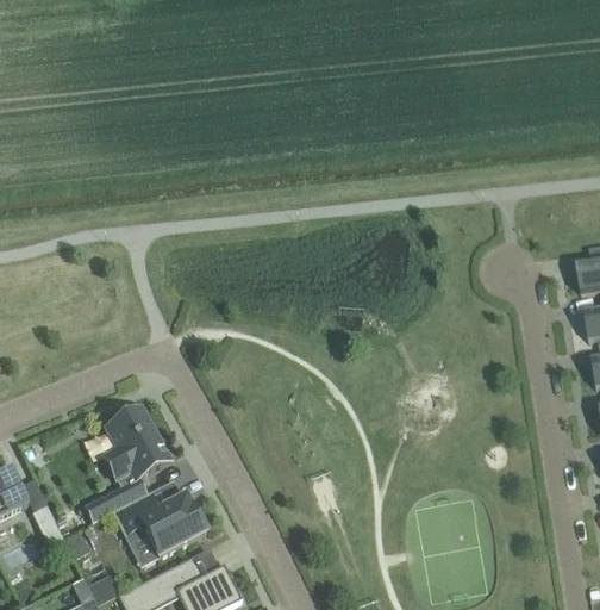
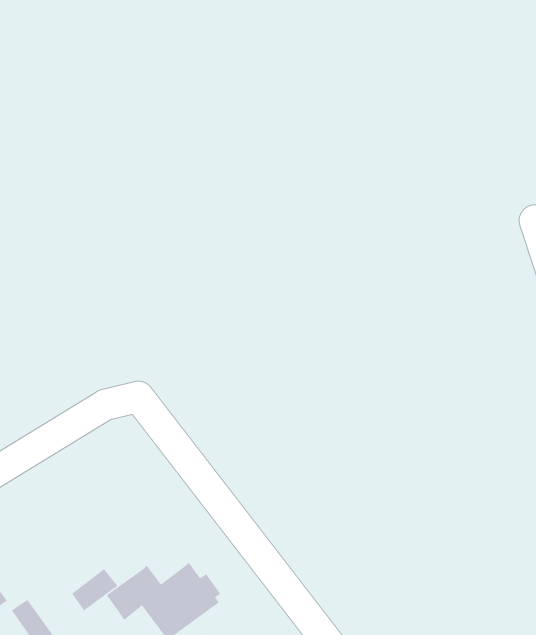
building: [104,407,168,477] -> none

